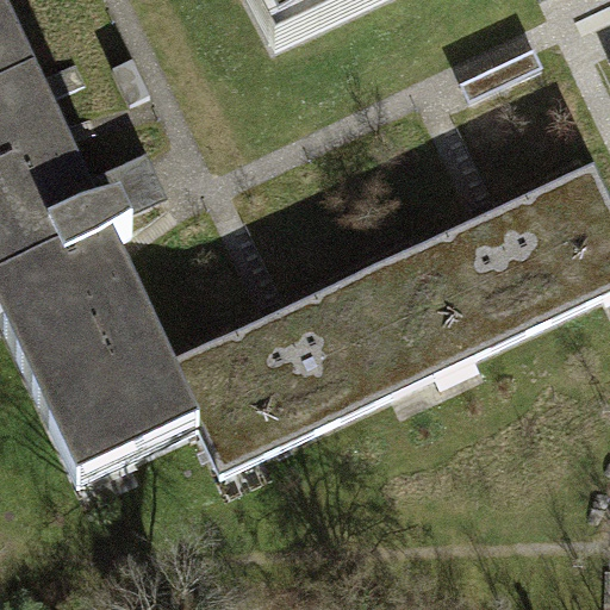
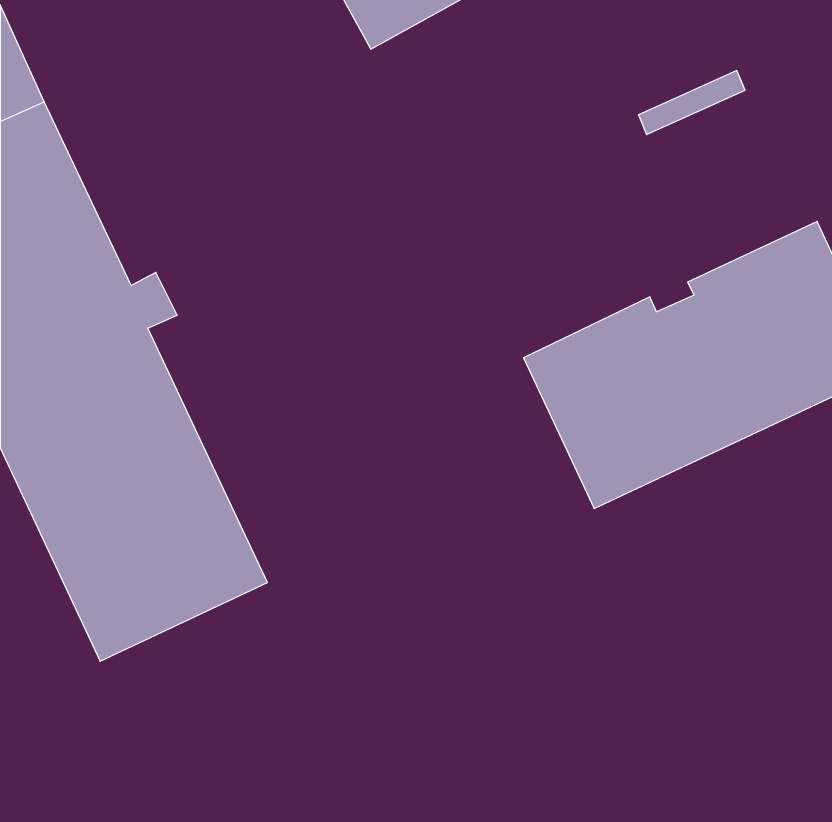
building: [169,260,436,469] -> none

